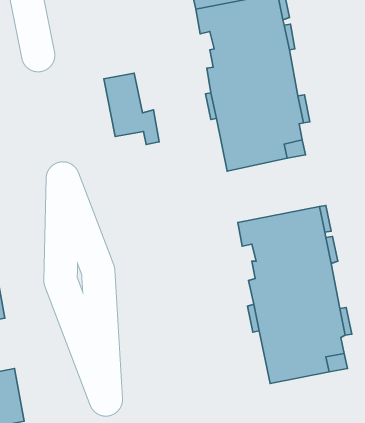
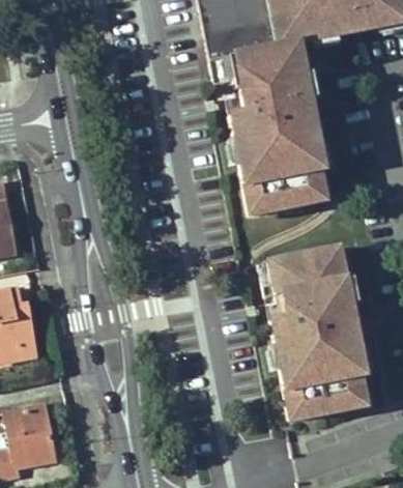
building: [104,73,159,145] -> none

